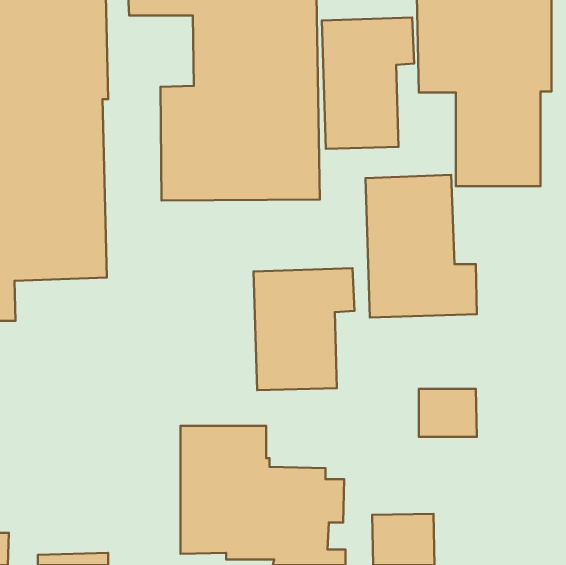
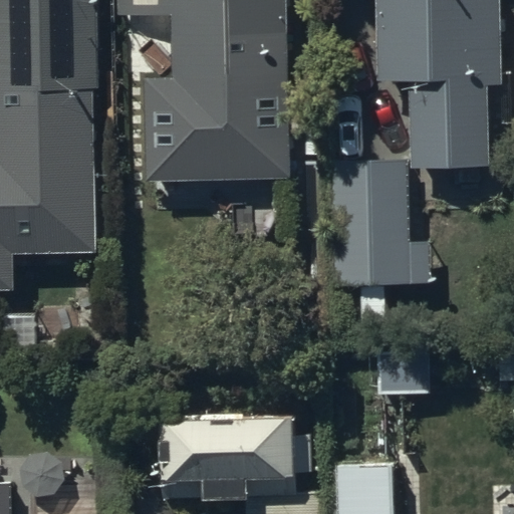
building: [322,18,414,149] -> none
building: [253,268,354,390] -> none

